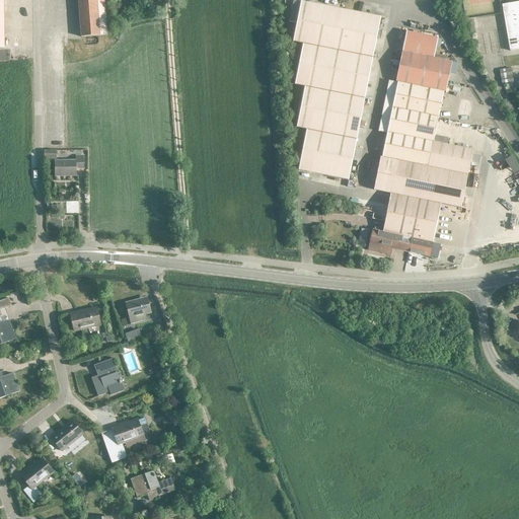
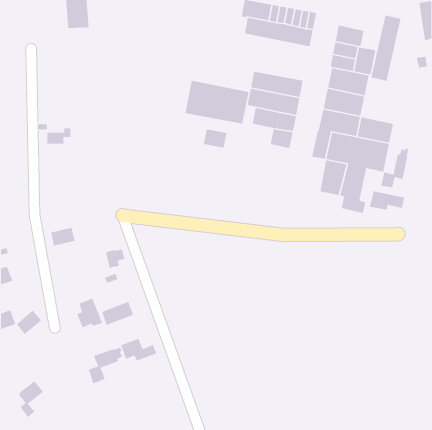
building: none -> [371,14,401,82]
building: [294,43,372,96] -> [184,80,250,124]
building: [298,149,327,173] -> [203,128,227,149]
building: none -> [381,148,409,188]
building: [368,228,412,252] -> [369,190,405,211]
building: [70,306,100,329] -> [50,227,75,246]
building: none -> [101,301,134,326]
building: [51,419,82,449] -> [16,310,42,335]
building: [131,469,175,498] -> [120,338,158,362]

